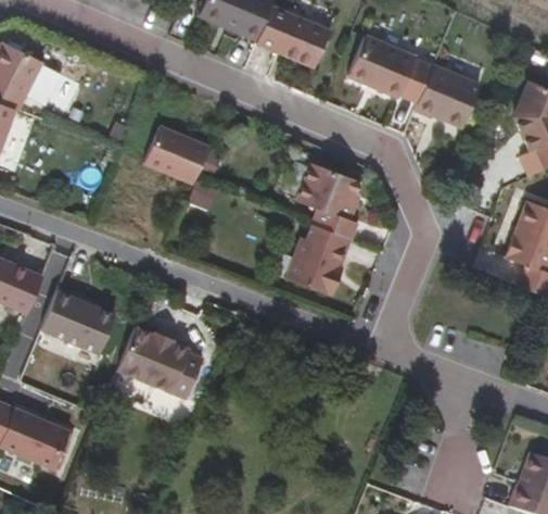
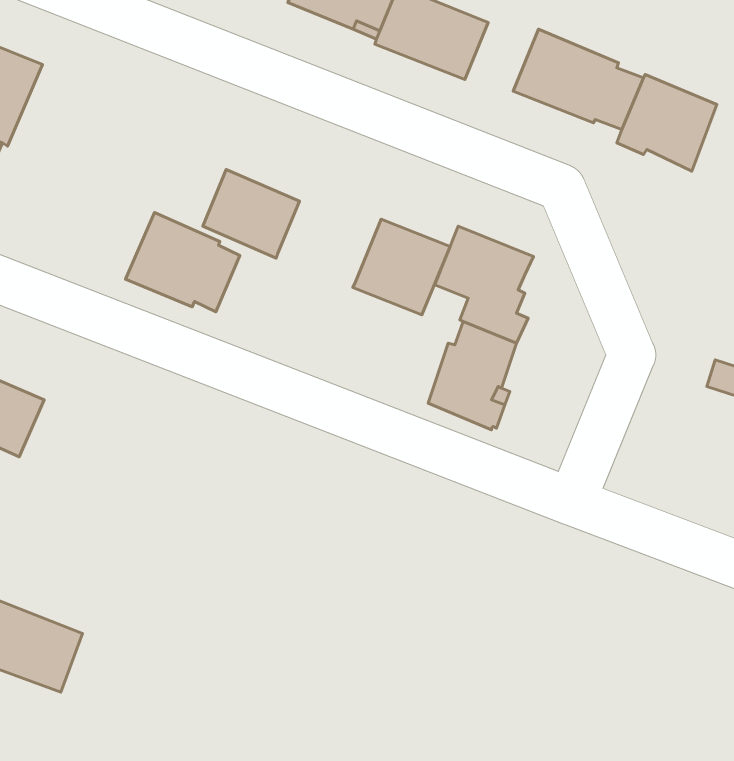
building: none -> [126,212,240,312]
building: none -> [353,219,450,315]
building: [40,287,112,354] -> none
building: [113,327,199,398] -> none

